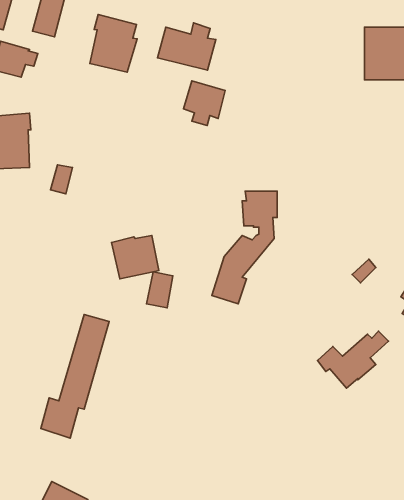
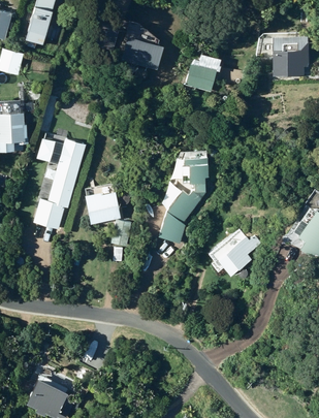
building: [90,15,137,72] -> none
building: [183,81,225,125] -> [185,64,216,97]
building: [41,315,109,438] -> [35,137,86,229]
building: [317,331,388,388] -> [209,234,261,277]

